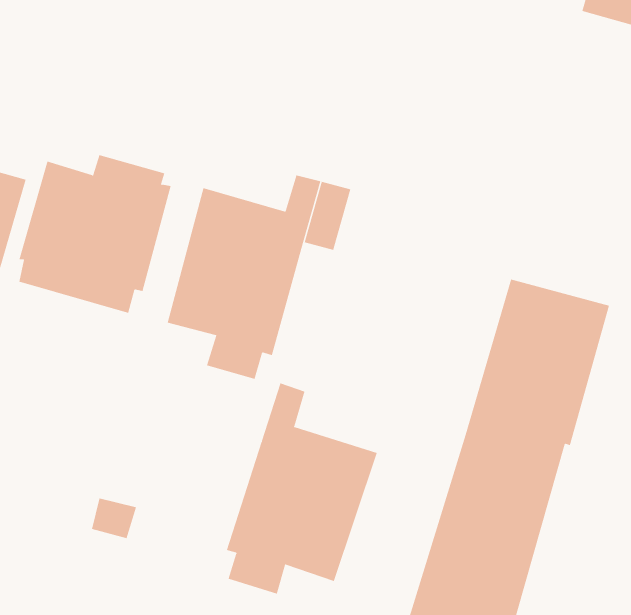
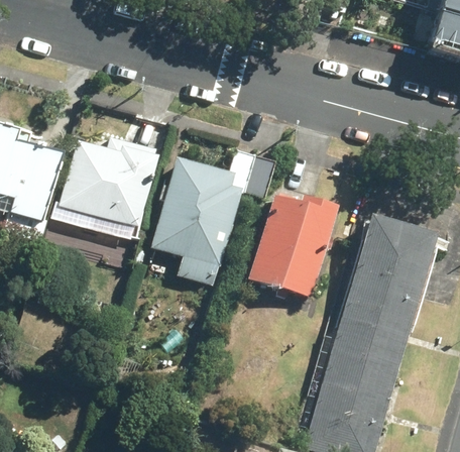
building: none -> [251,196,339,295]
building: [226,382,378,595] -> none

